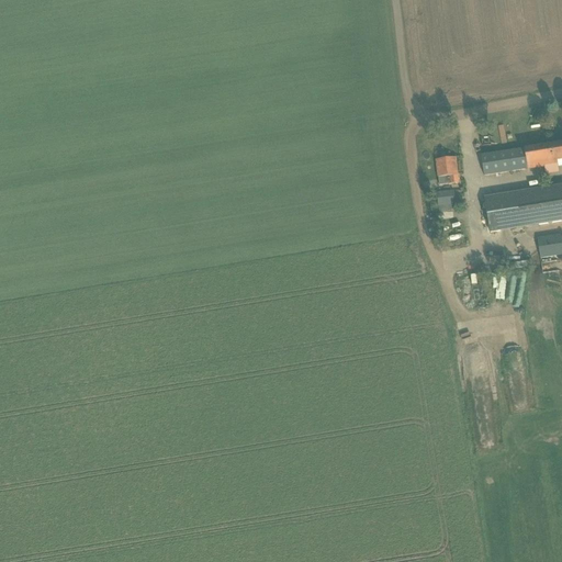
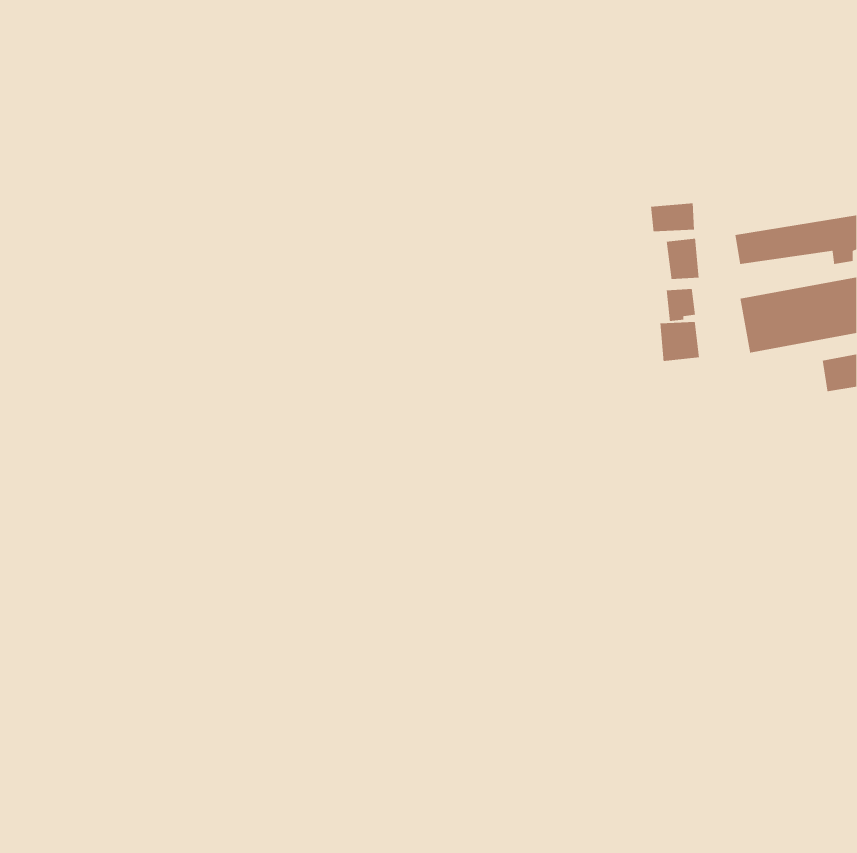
building: none -> [650,203,695,232]
building: none -> [659,321,700,362]

